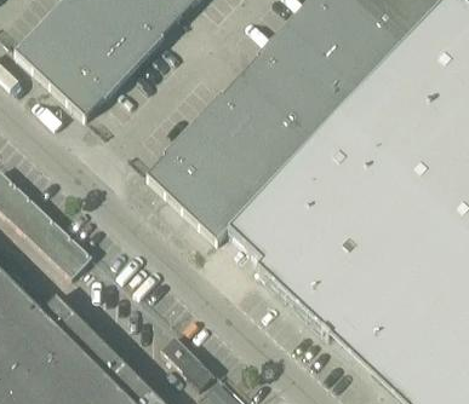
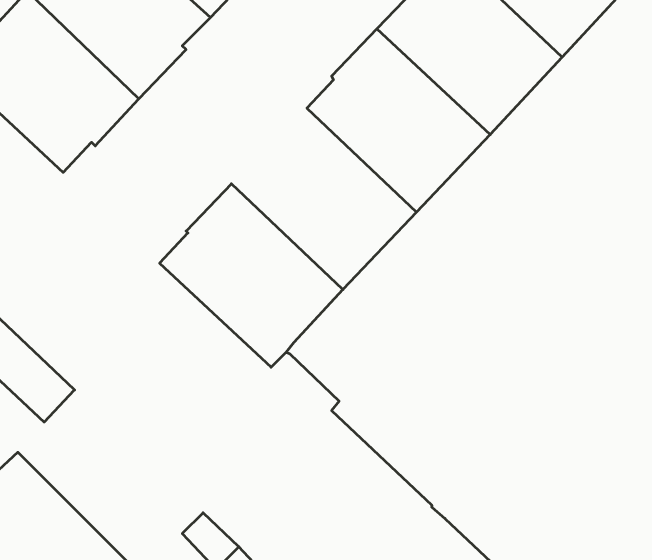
building: [193,75,311,191] -> none

